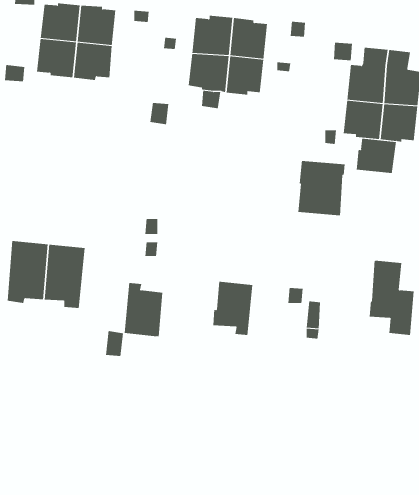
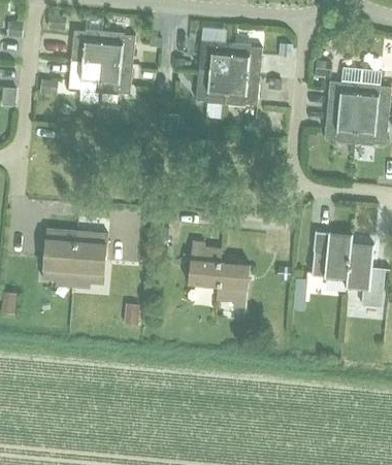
building: [356,138,397,174] -> none
building: [298,160,346,216] -> [312,232,352,278]
building: [124,282,163,337] -> [188,240,221,286]

